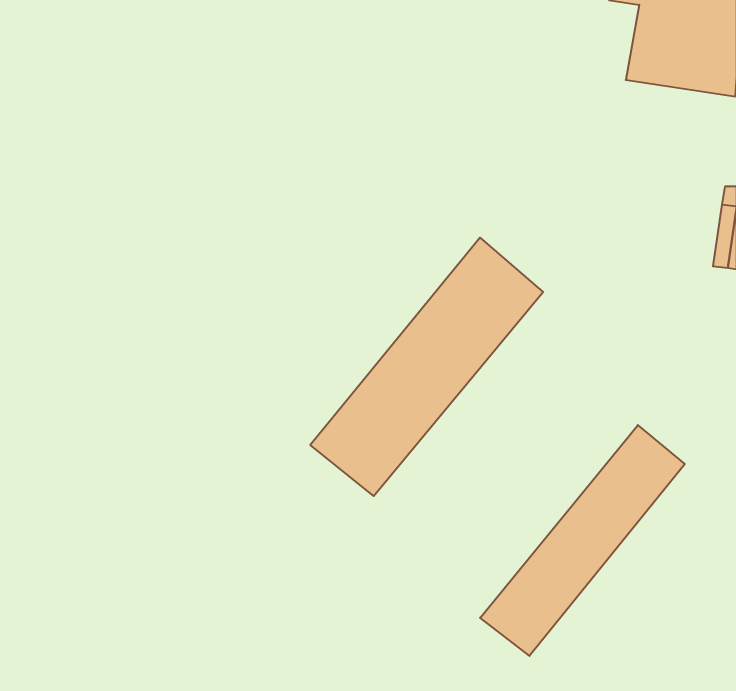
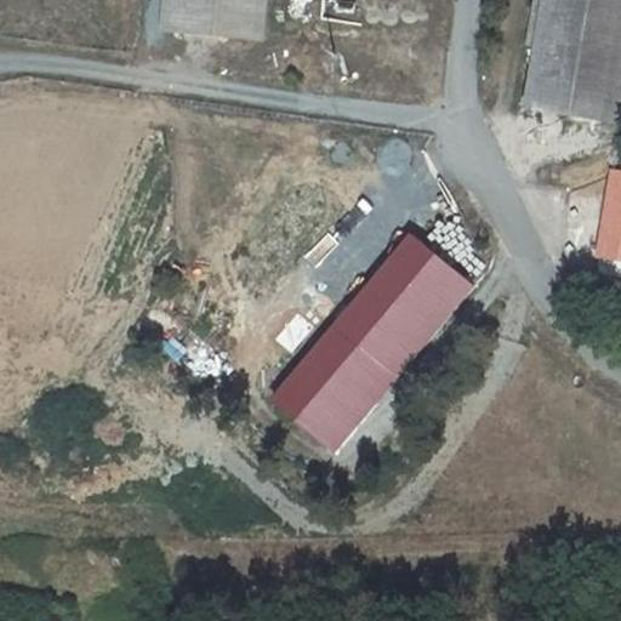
building: [480,425,685,656] -> none

